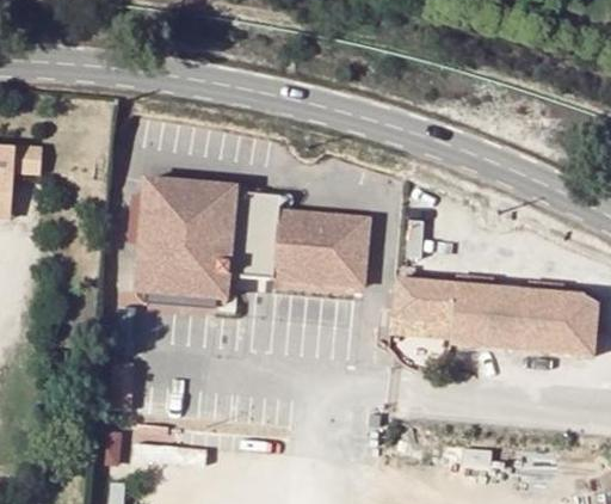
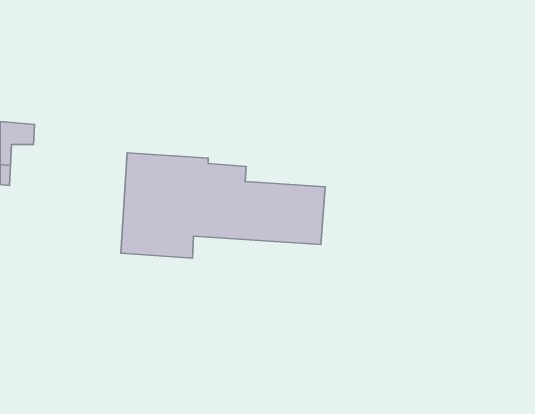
building: [394,276,599,351] -> none

